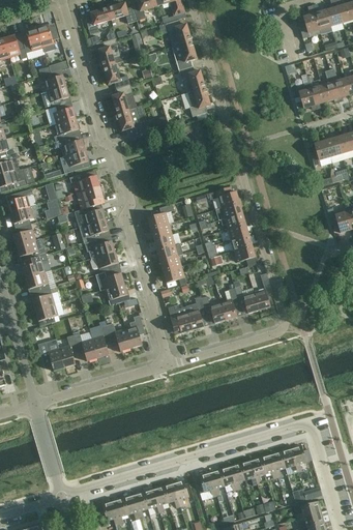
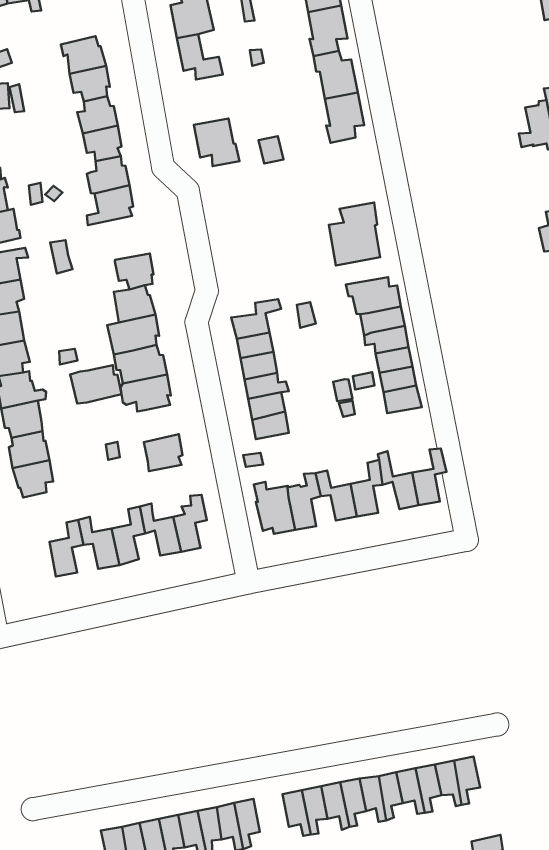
building: [111,84,136,113] -> none
building: none -> [329,203,380,266]
building: [68,170,98,193] -> none
building: [94,267,123,290] -> [70,365,122,403]
building: [37,340,63,370] -> none

